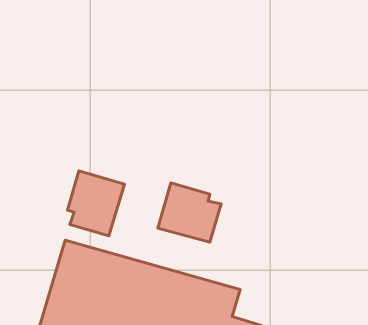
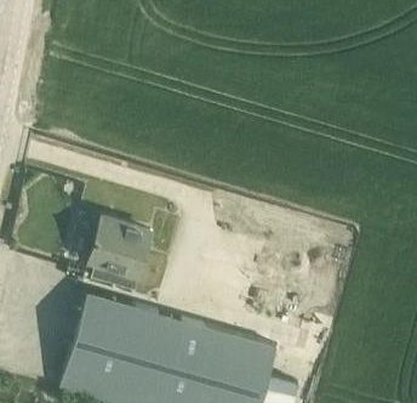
building: [158,183,221,242] -> none

